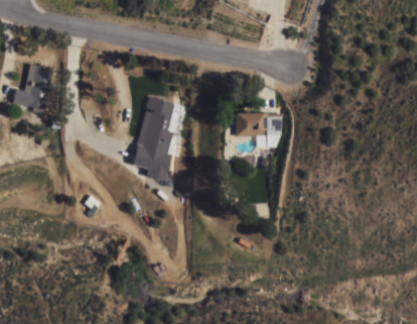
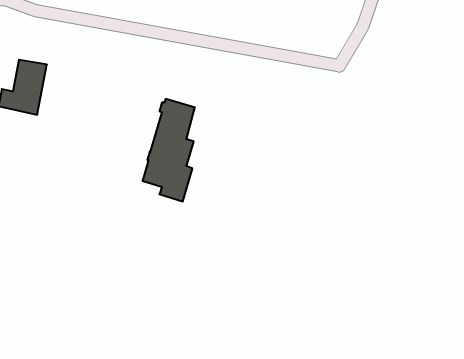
building: [234,113,283,136] -> none

